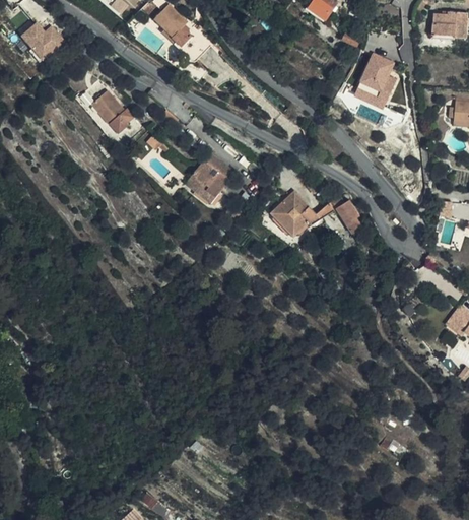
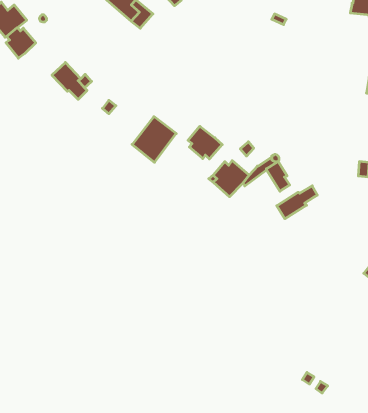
building: none -> [6,28,36,58]
building: [351,51,399,110] -> none
building: none -> [188,126,222,159]
building: none -> [277,186,317,219]

